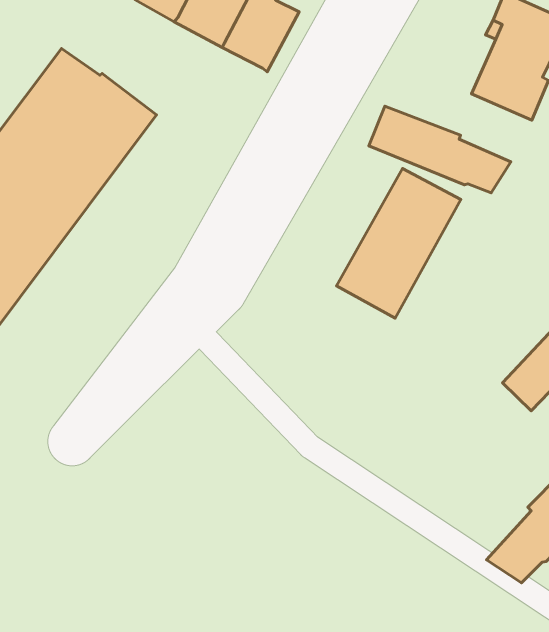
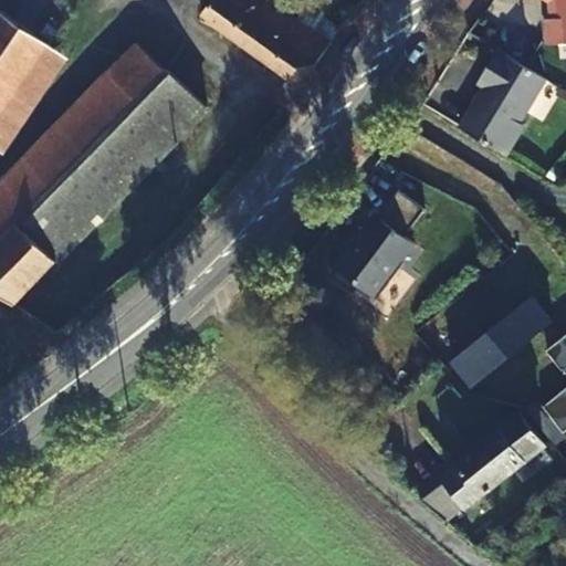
building: [369,106,511,193] -> none

